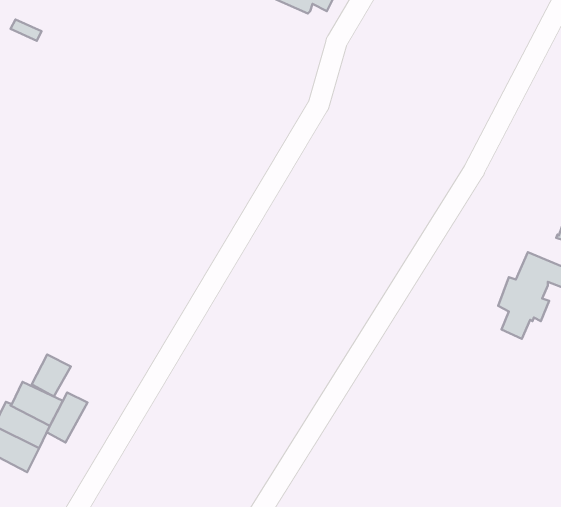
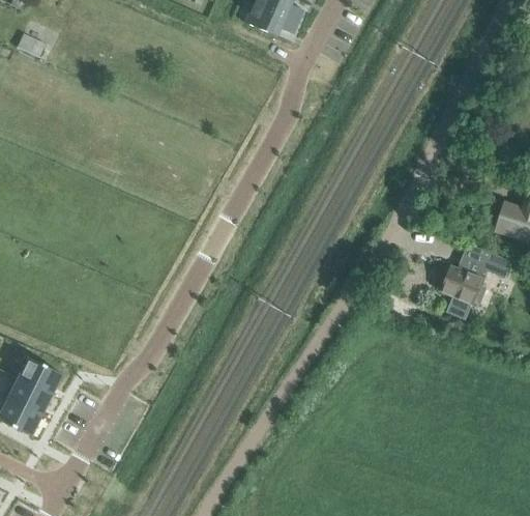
building: [32,354,71,397] -> none
building: [47,392,88,443] -> none

